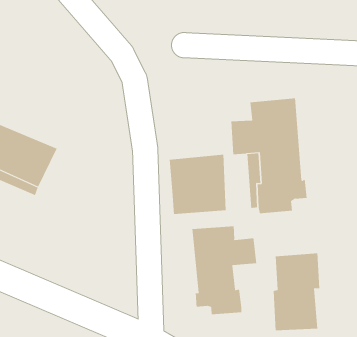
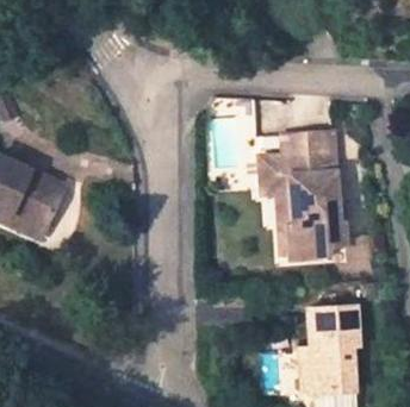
building: [169,154,226,215] -> none
building: [192,225,257,315] -> none

